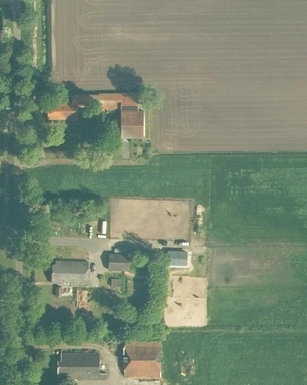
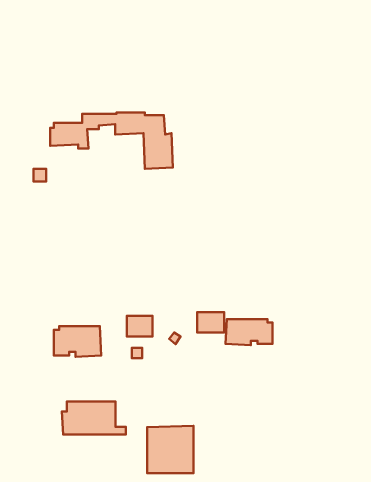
building: none -> [226,319,273,345]
building: [57,353,107,379] -> [62,401,126,435]

